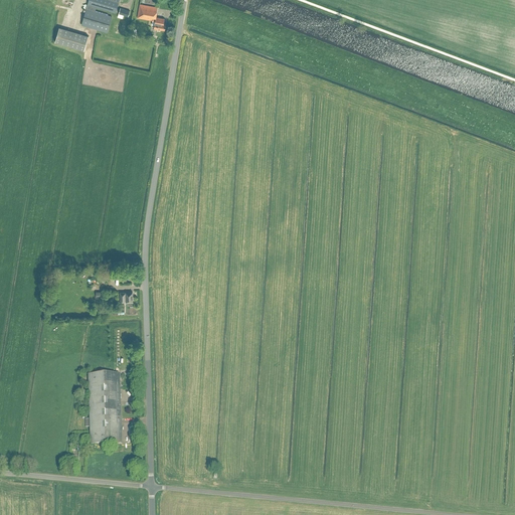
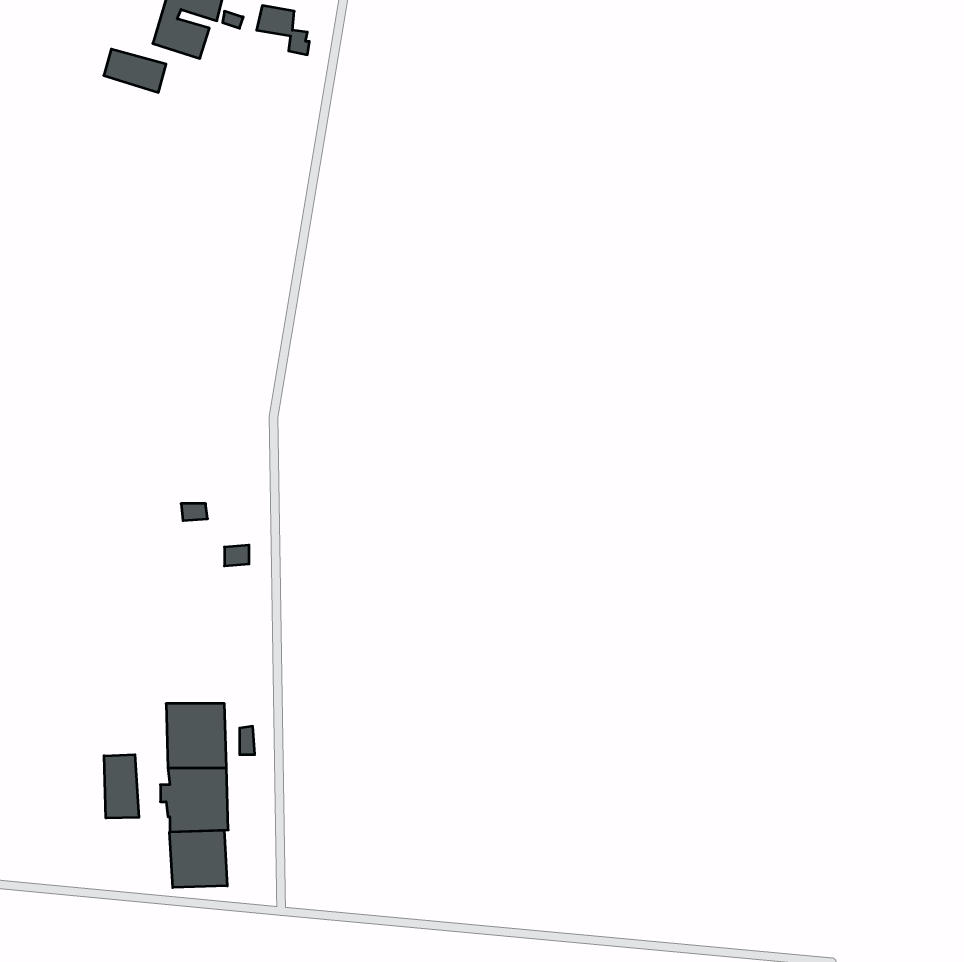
building: none -> [104,755,139,818]
building: none -> [170,830,227,888]

